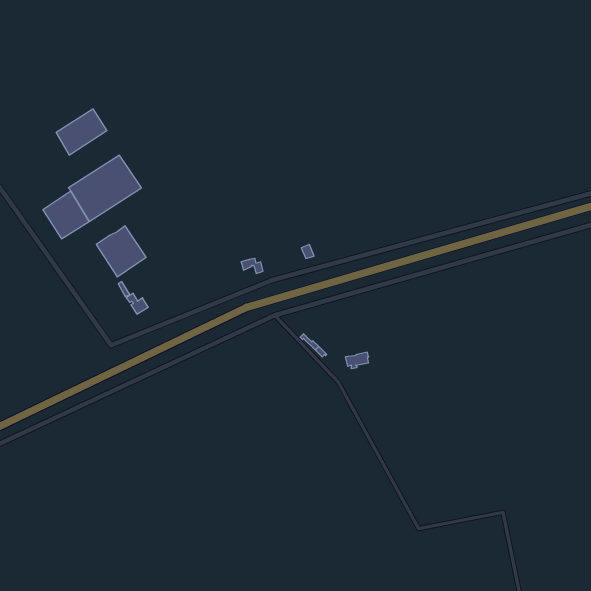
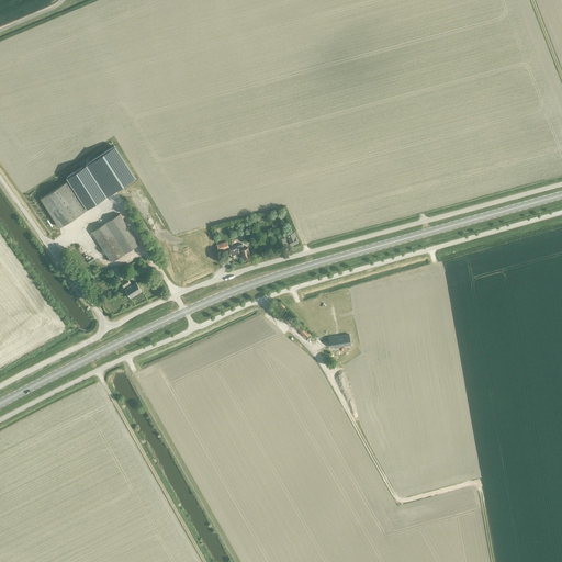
building: [56,109,107,155] -> none

